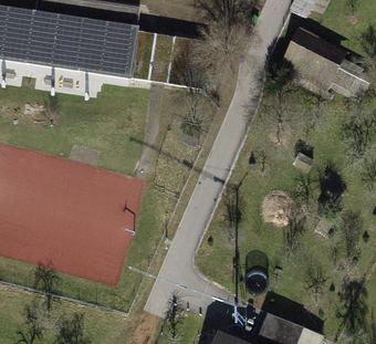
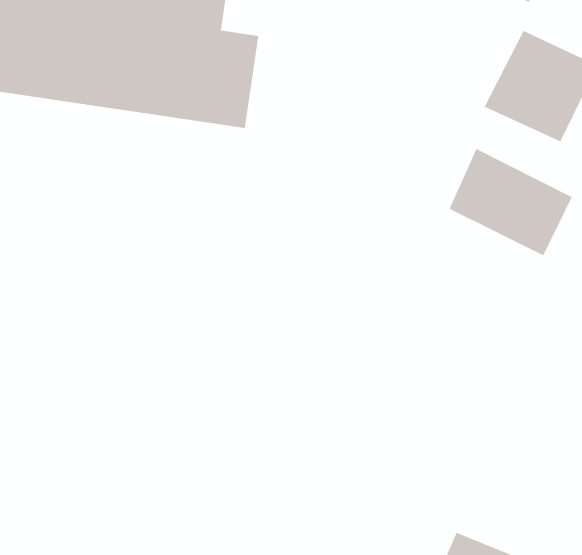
building: none -> [449,148,573,256]

